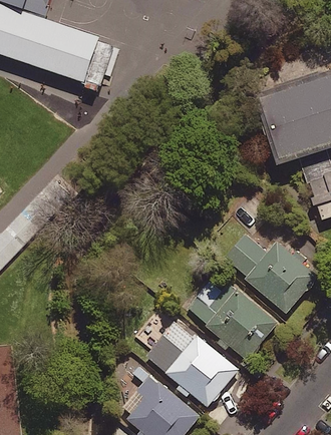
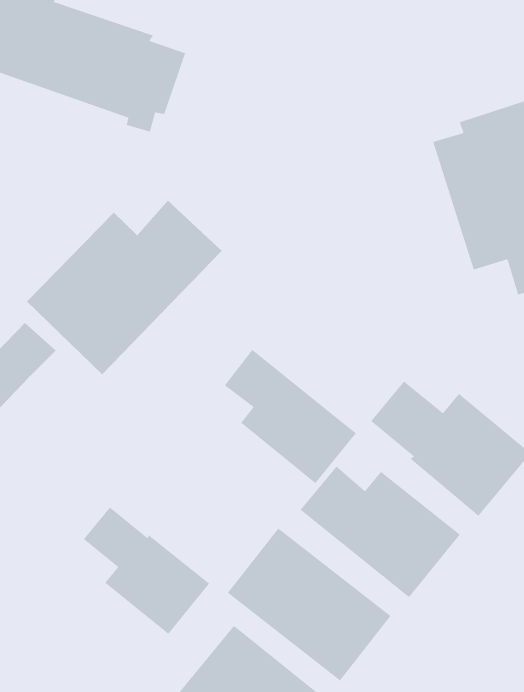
building: none -> [26,200,223,375]
building: none -> [224,349,357,484]
building: none -> [83,506,210,635]

